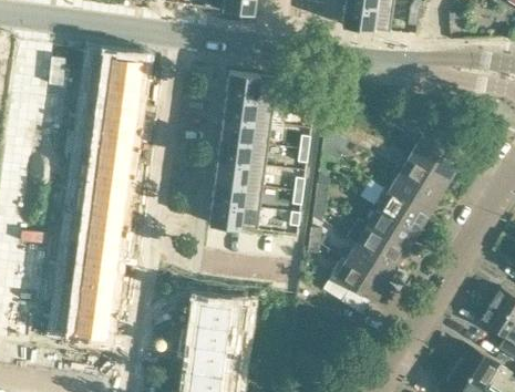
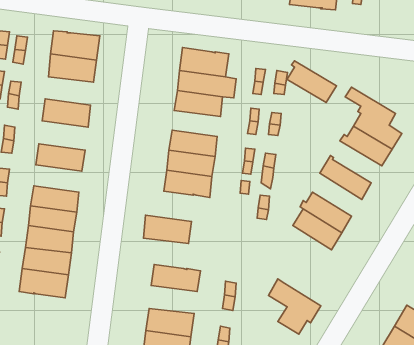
building: [83,103,134,133] -> none
building: [217,138,268,166] -> none
building: [76,149,128,180] -> none
building: [387,171,439,215] -> [287,61,337,103]
building: [71,196,122,225] -> none
building: [362,205,418,250] -> none
building: [330,257,385,316] -> [268,279,321,334]
building: [193,323,244,353] -> [143,215,192,244]

